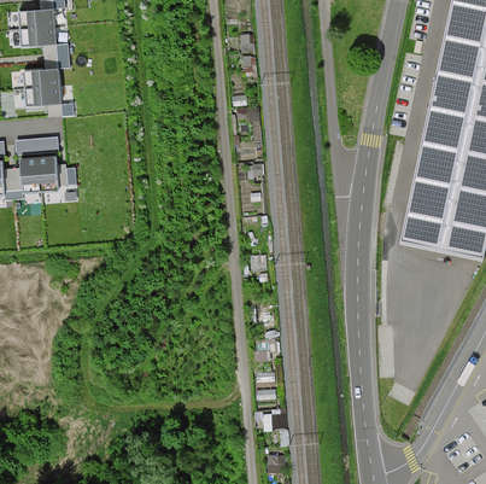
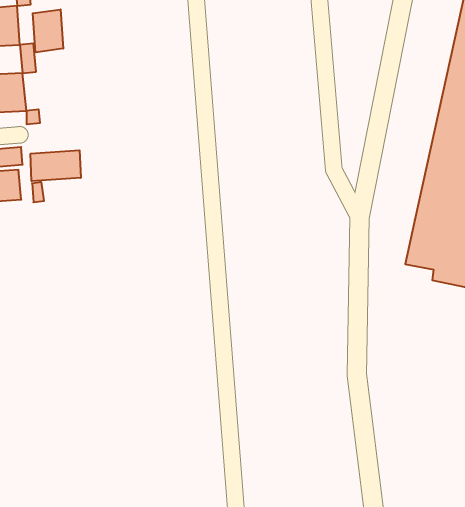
building: none -> [33,9,63,52]
building: none -> [31,150,81,181]

